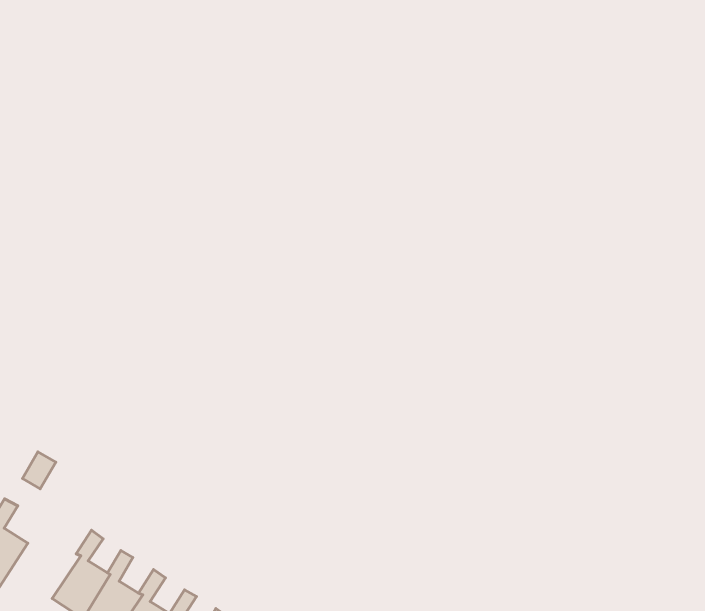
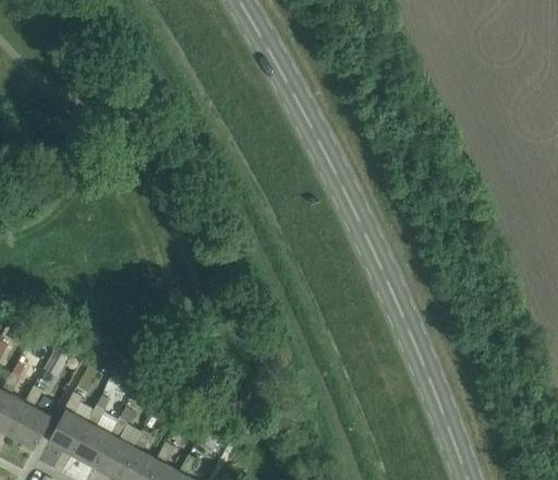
building: none -> [47,393,89,455]

